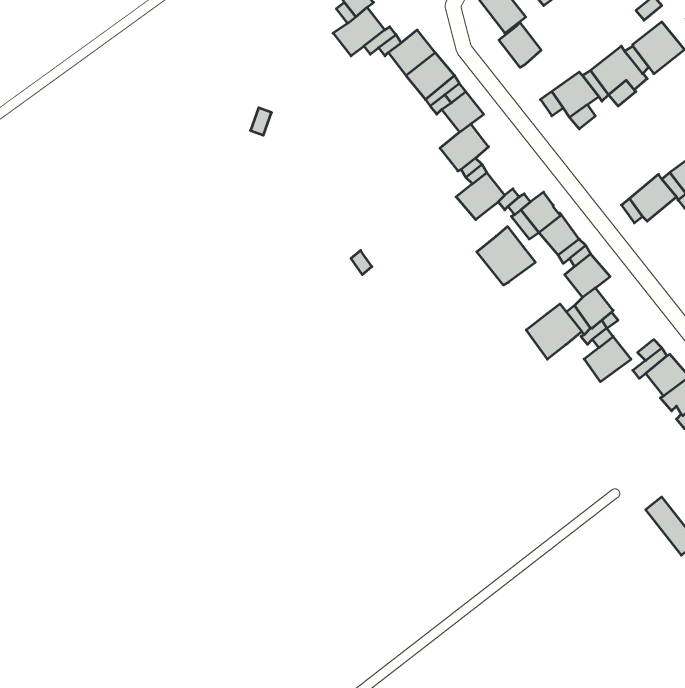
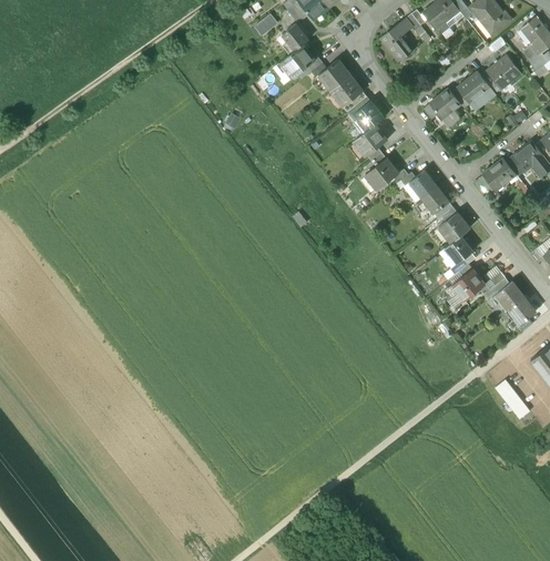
building: [499,23,541,67] -> none
building: [477,227,535,285] -> none
building: [526,304,582,359] -> none

